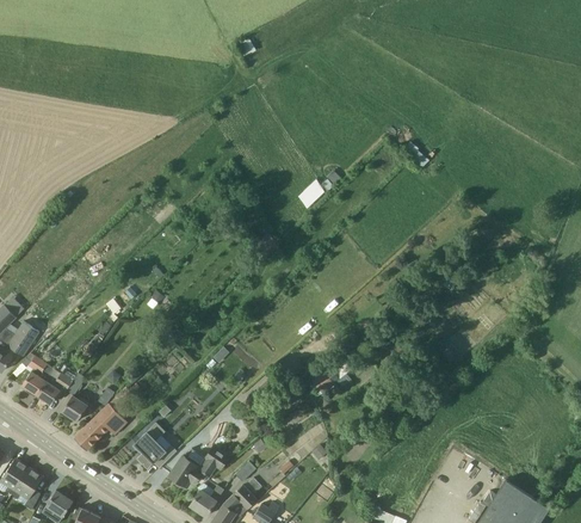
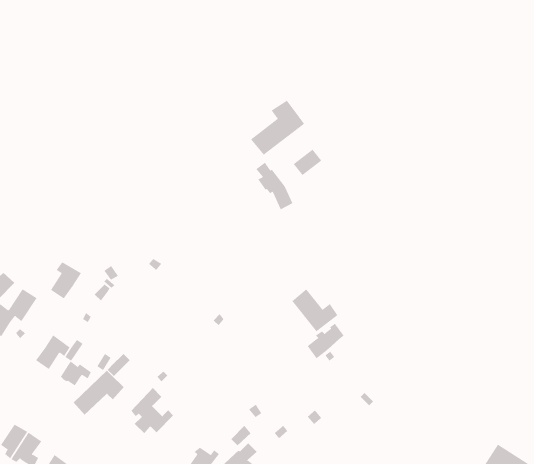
building: none -> [250,100,305,156]
building: none -> [255,162,293,210]
building: none -> [291,289,338,332]
building: [21,357,54,395] -> [50,262,82,299]
building: [169,447,229,485] -> none

